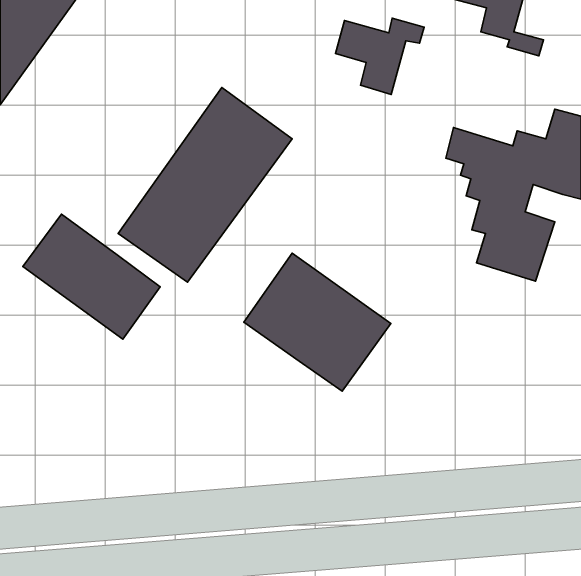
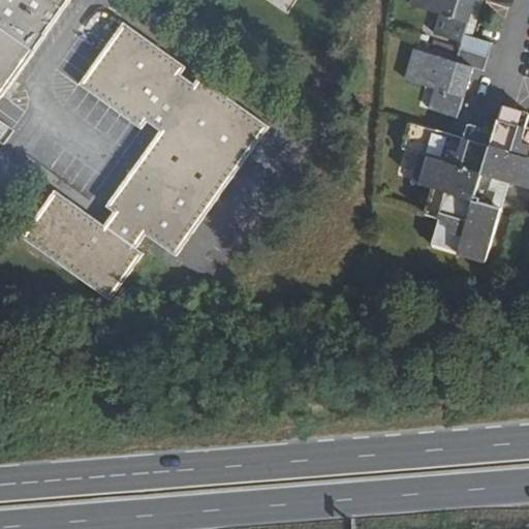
building: [335,18,424,94] -> [409,42,490,112]
building: none -> [69,21,188,139]
building: [244,253,391,391] -> none

